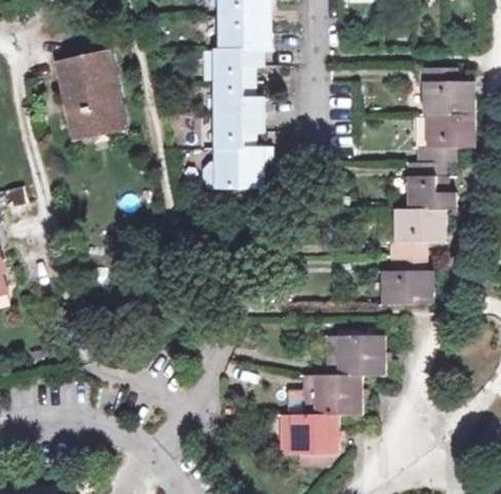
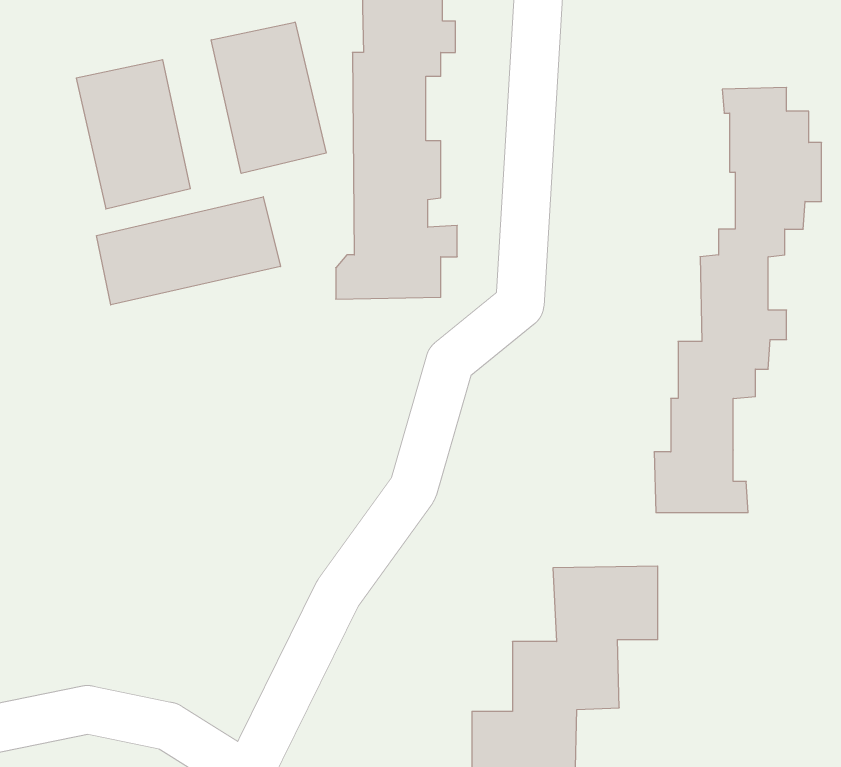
building: none -> [211,22,326,173]
building: none -> [97,197,280,305]

